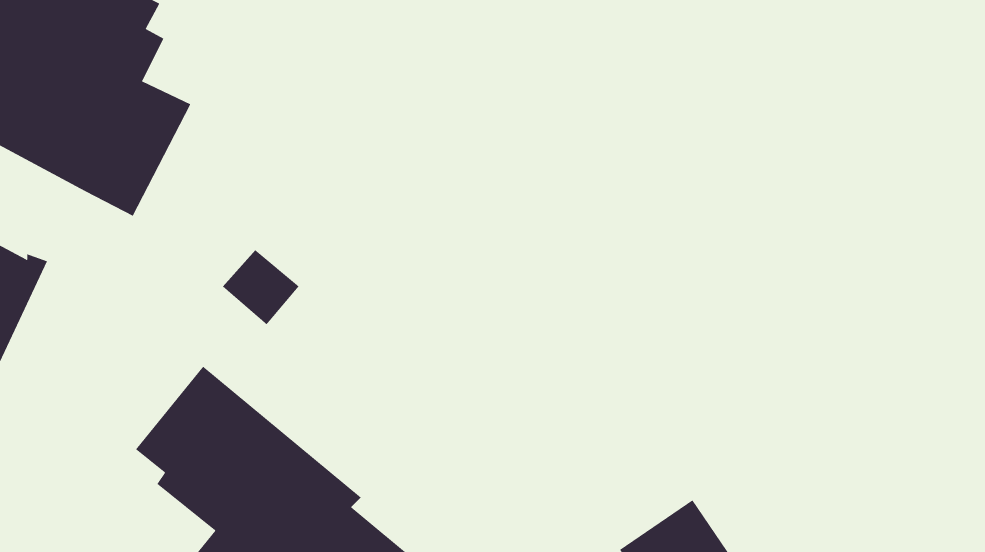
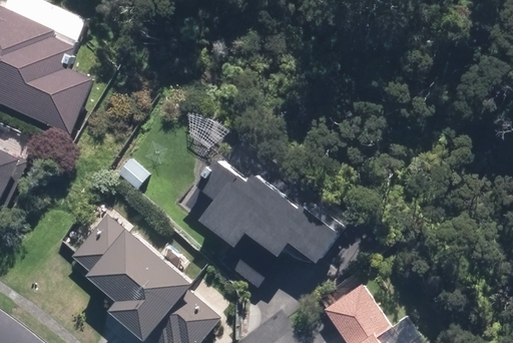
building: none -> [184,157,336,287]

